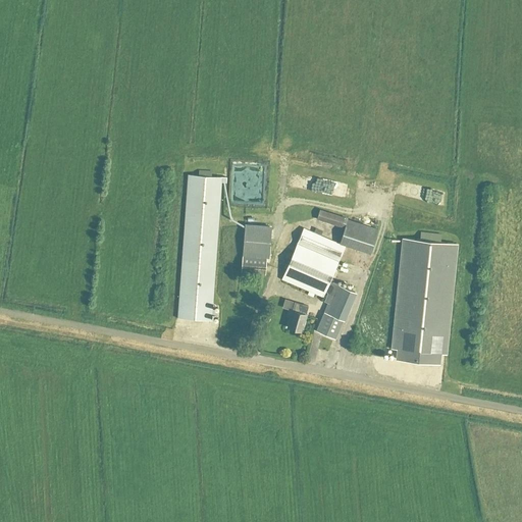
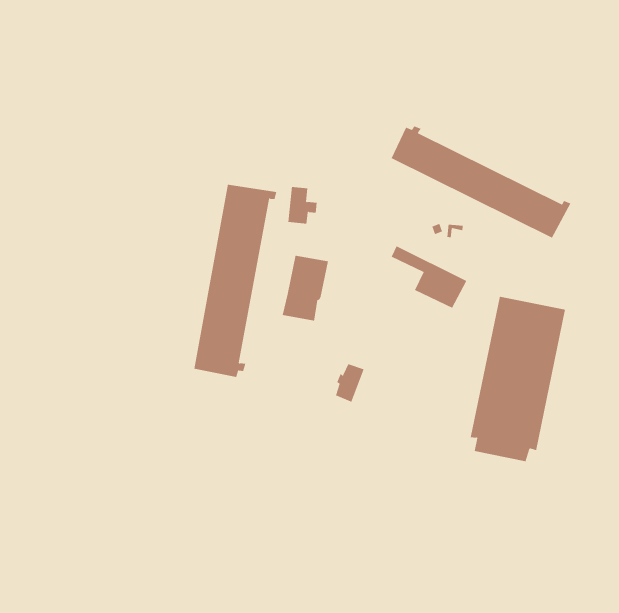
building: none -> [391,126,571,239]
building: [281,229,354,346] -> none

